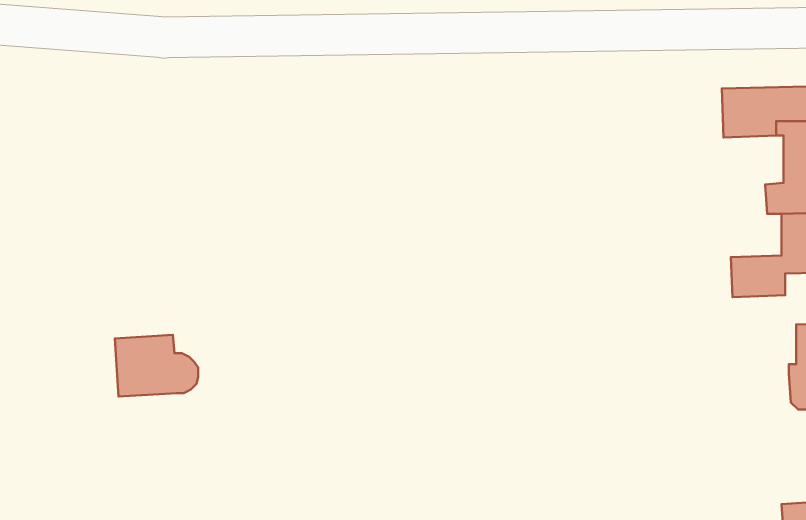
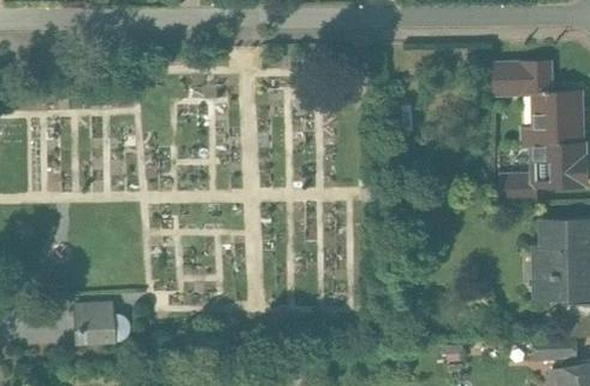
building: [115,335,198,397] -> [73,303,129,344]

